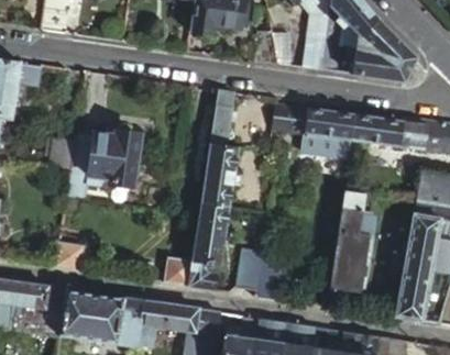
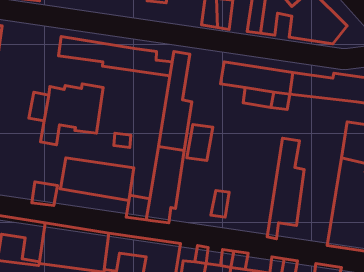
building: none -> [58,36,172,76]
building: none -> [60,158,134,200]
building: [235,246,265,288] -> [187,124,213,161]

